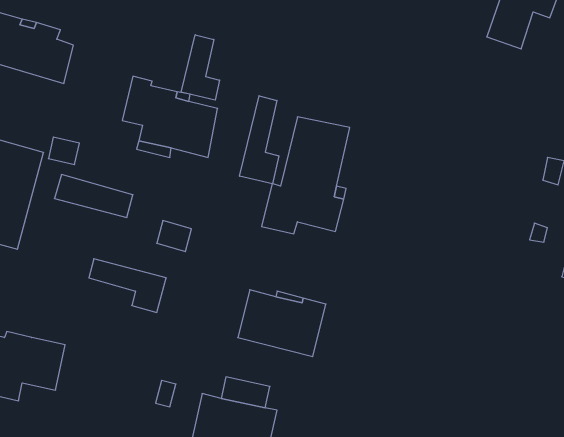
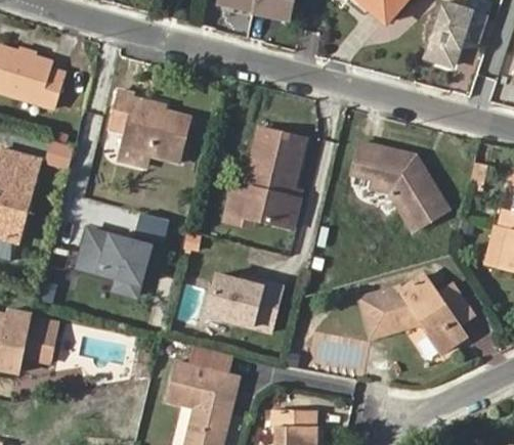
building: [181,35,220,100] -> none
building: [240,96,279,184] -> none
building: none -> [351,142,446,228]
building: [54,175,133,217] -> [84,227,152,264]
building: none -> [360,278,473,356]

